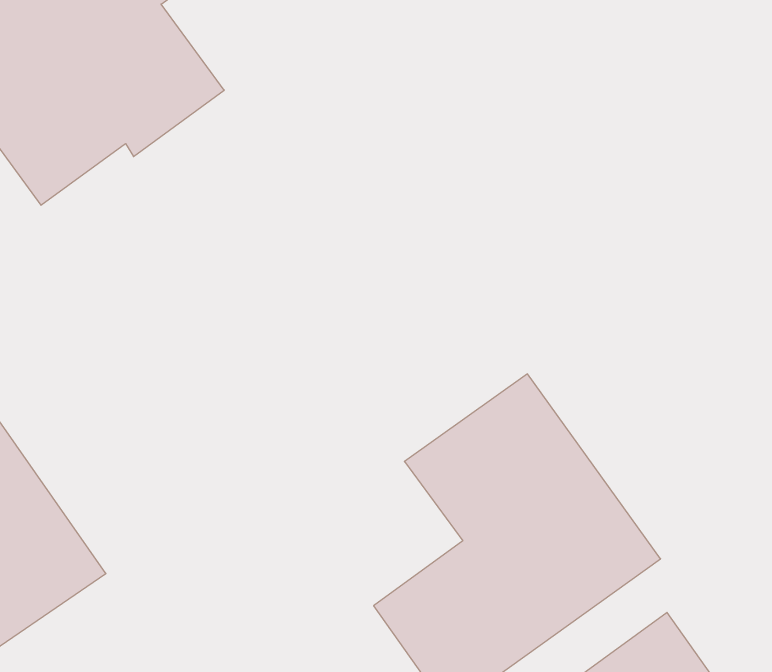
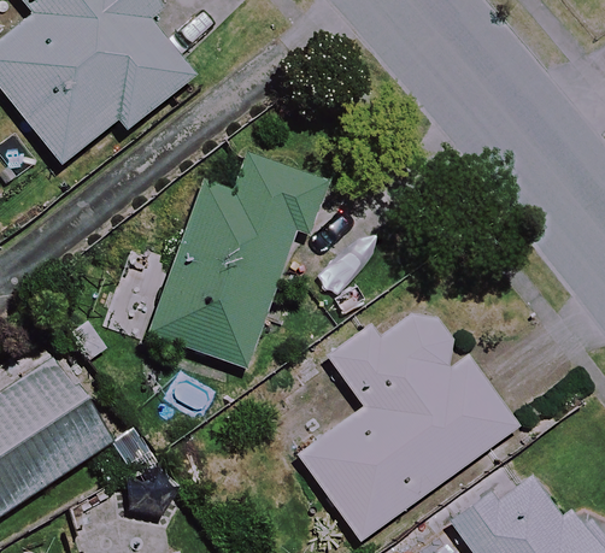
building: none -> [148,153,331,369]

